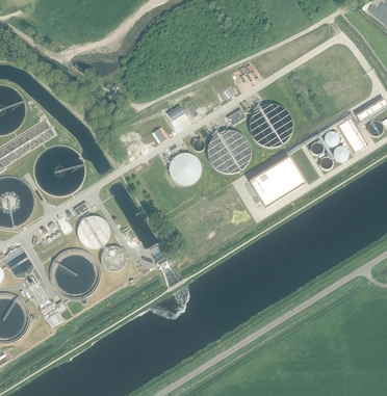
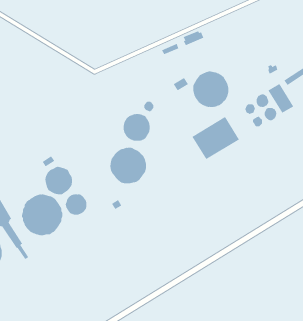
building: [206,130,250,173] -> [109,147,147,184]

